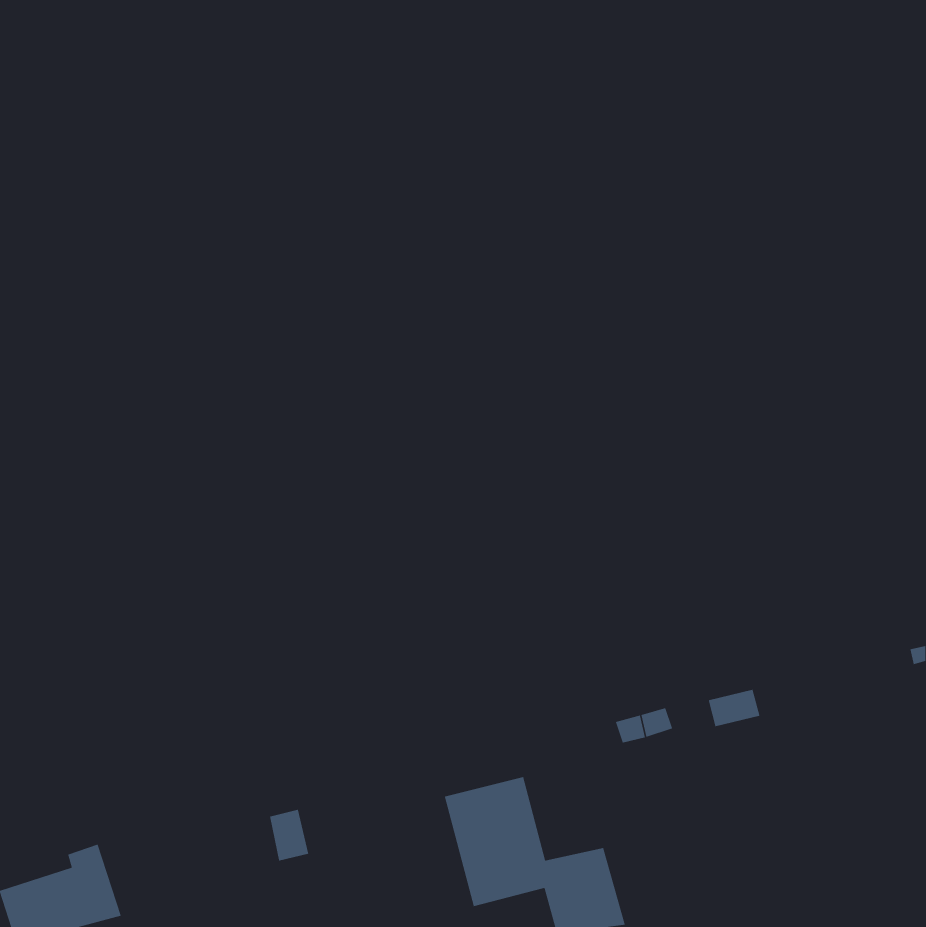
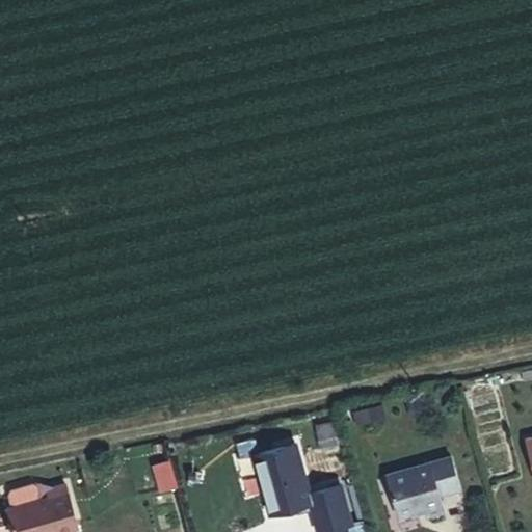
building: none -> [383,457,458,517]

